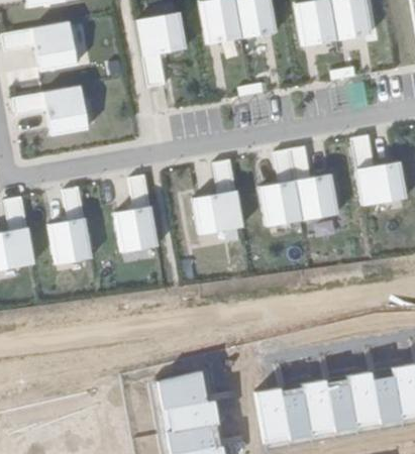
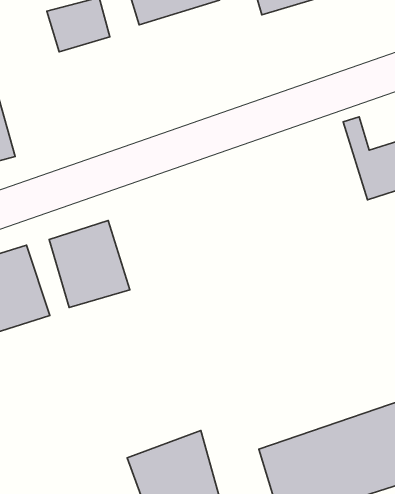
building: [258,150,332,228] -> none
building: [194,163,236,236] -> none

